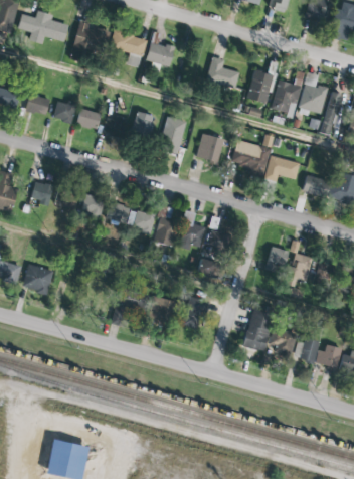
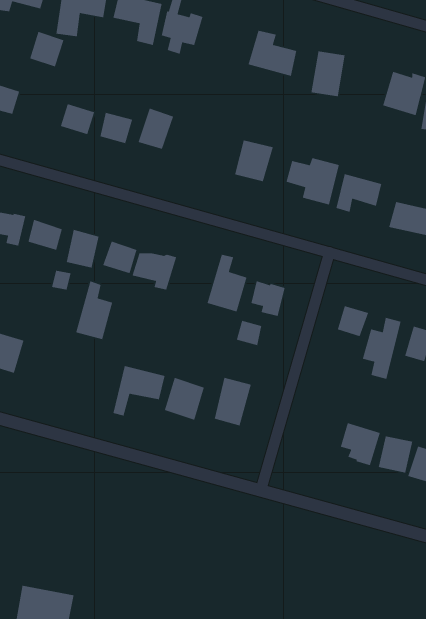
building: [271,82,301,114] -> none
building: [52,97,76,122] -> [29,31,64,68]
building: [159,116,185,152] -> none
building: [153,205,179,247] -> [75,280,113,340]
building: [242,304,277,352] -> none

